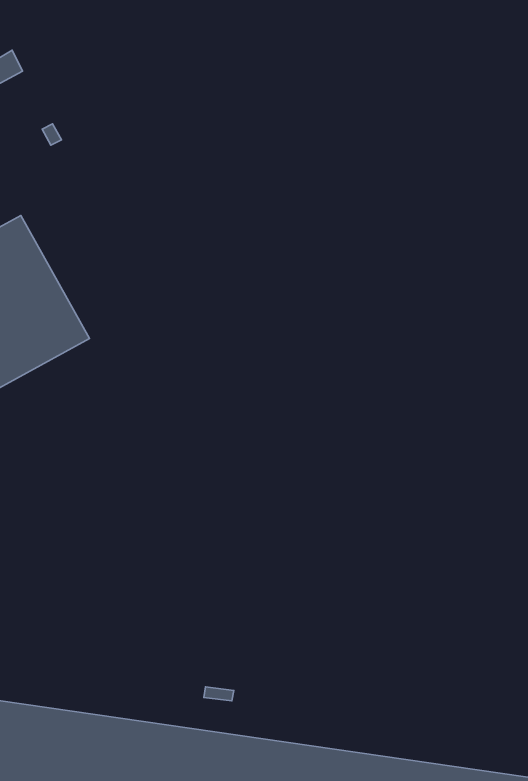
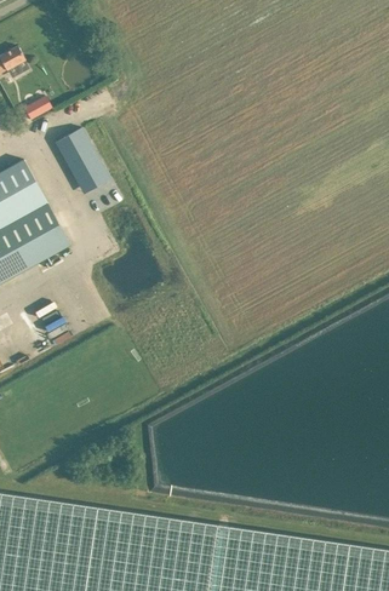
building: none -> [53,127,110,185]

